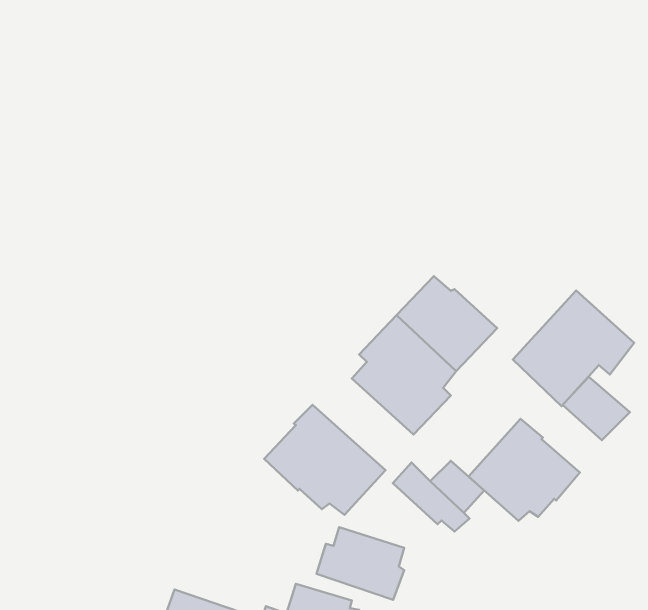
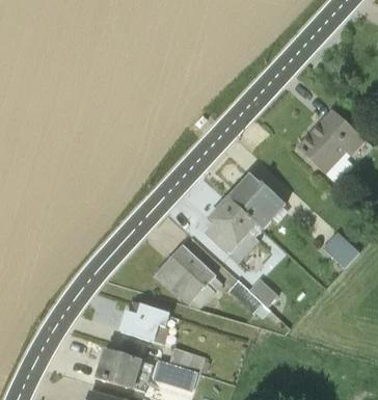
building: [513,290,634,406] -> [296,109,363,174]
building: [468,419,580,521] -> none
building: [317,527,404,600] -> [119,302,168,343]

